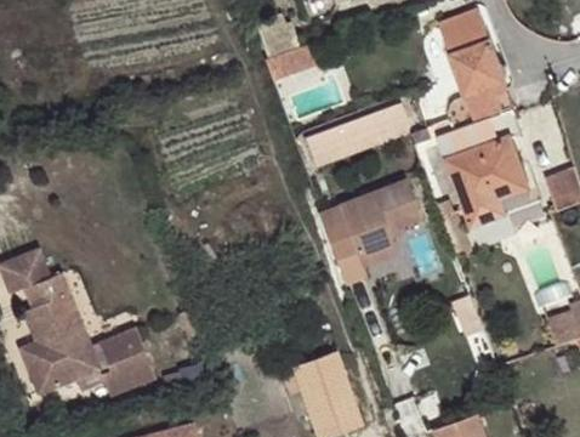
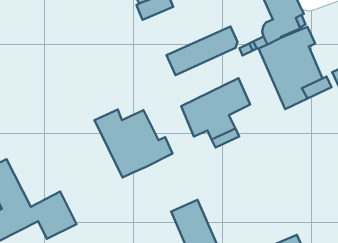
building: none -> [94,109,173,178]

